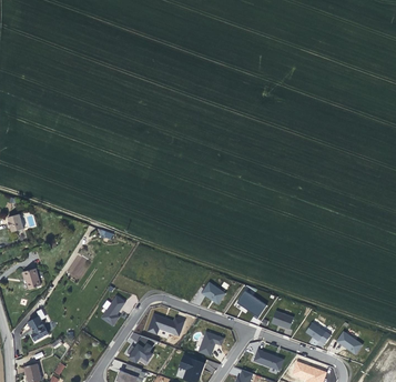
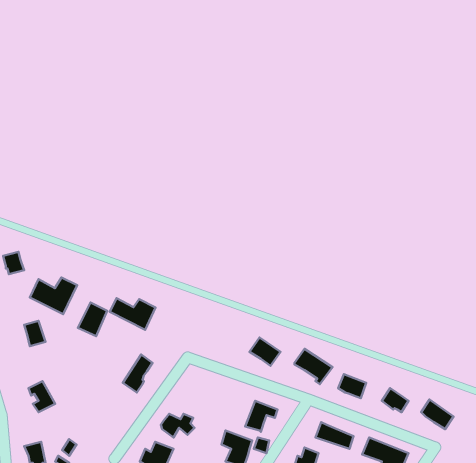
building: none -> [30,277,77,314]
building: none -> [110,298,156,330]
building: [146,313,184,334] -> none

